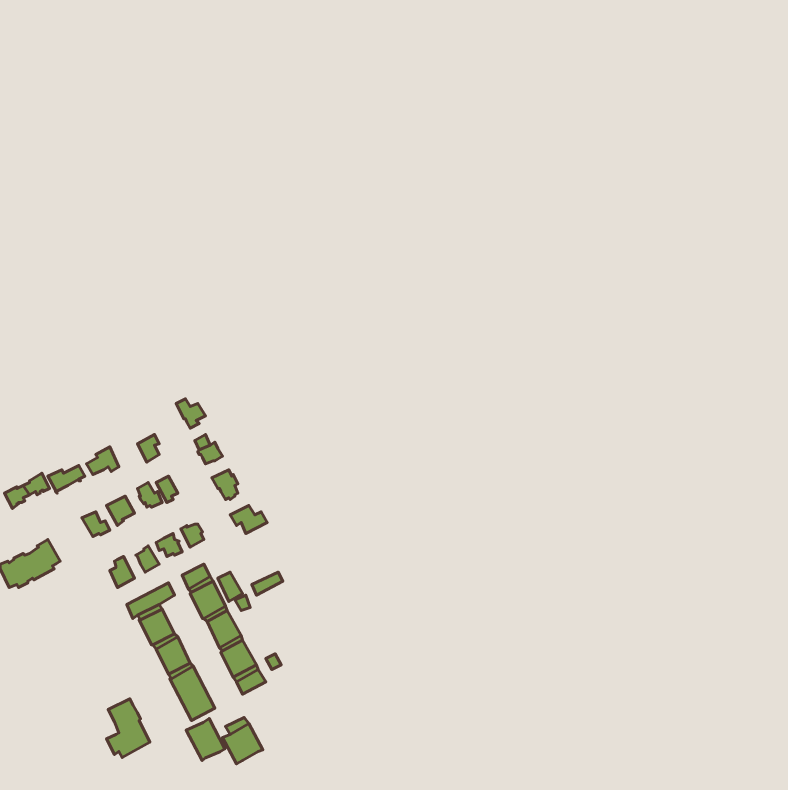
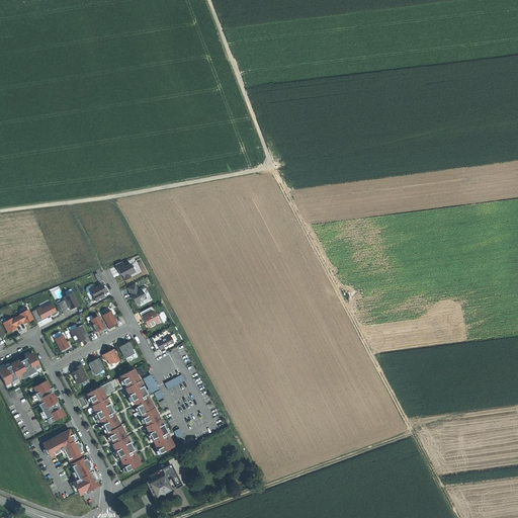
building: none -> [33,380,66,422]
building: none -> [45,429,84,461]
building: [186,718,225,761] -> none

